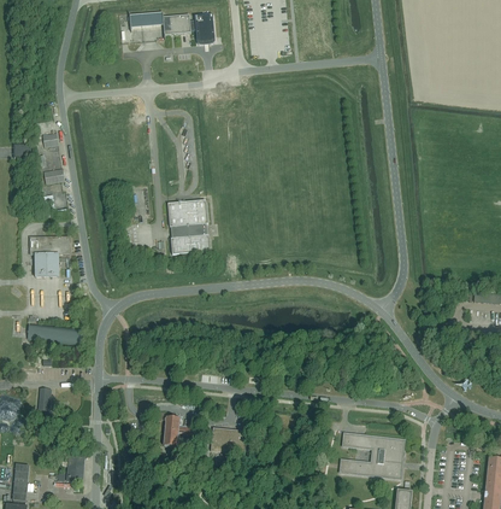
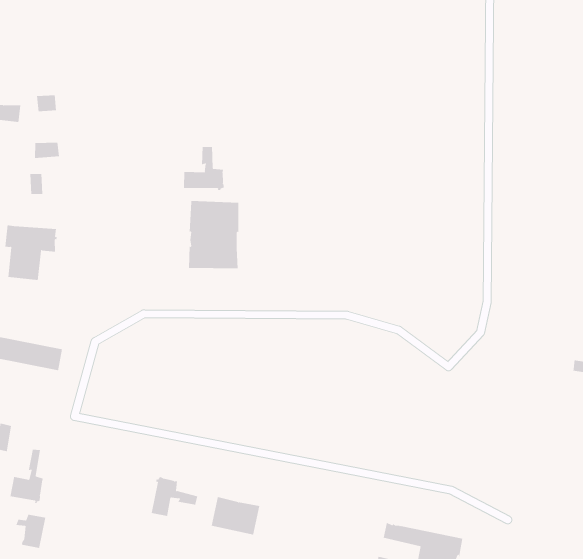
building: none -> [184,146,225,191]
building: none -> [10,449,43,504]

